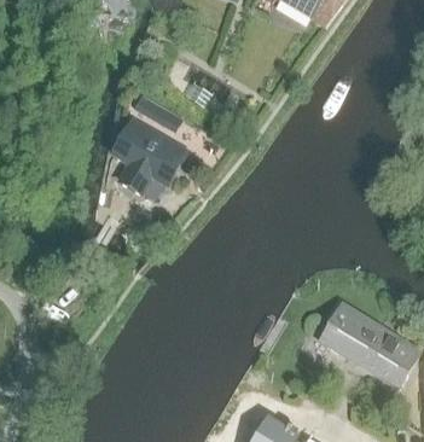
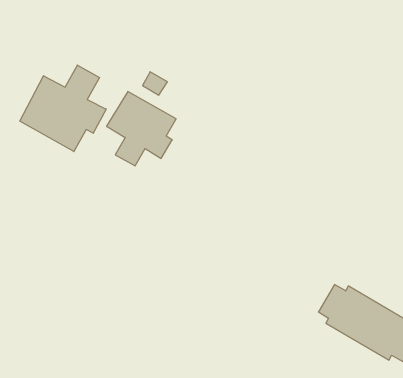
building: none -> [20,65,106,152]

